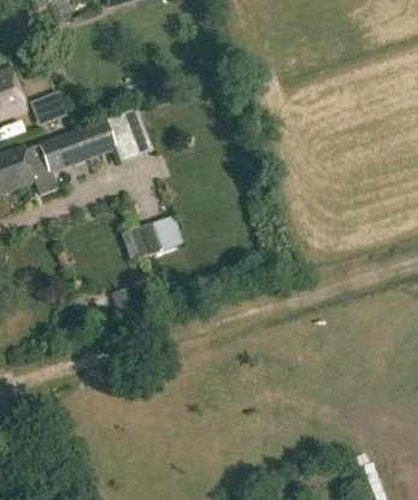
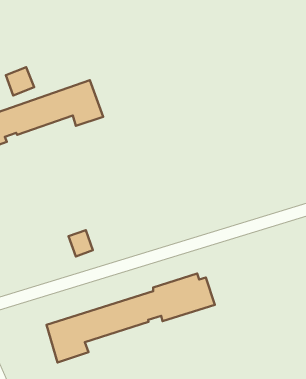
building: [130,216,186,259] -> none
building: none -> [47,274,215,362]

